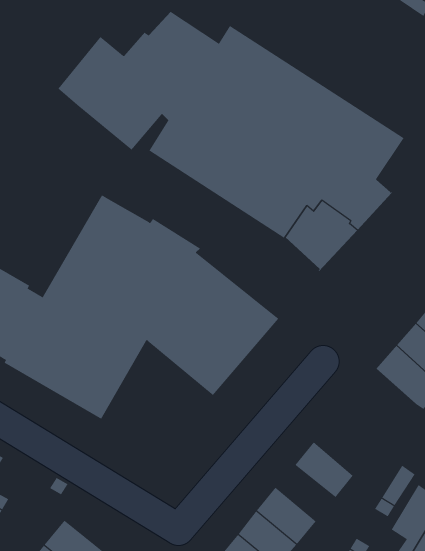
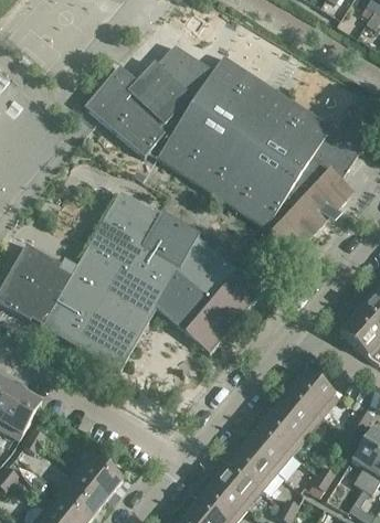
building: none -> [289,371,338,417]
building: none -> [258,408,307,453]

